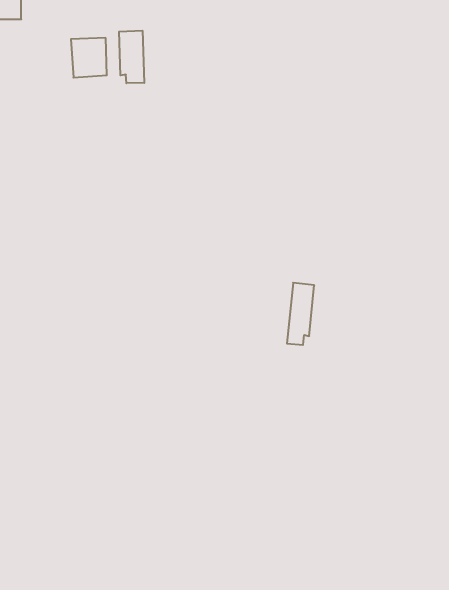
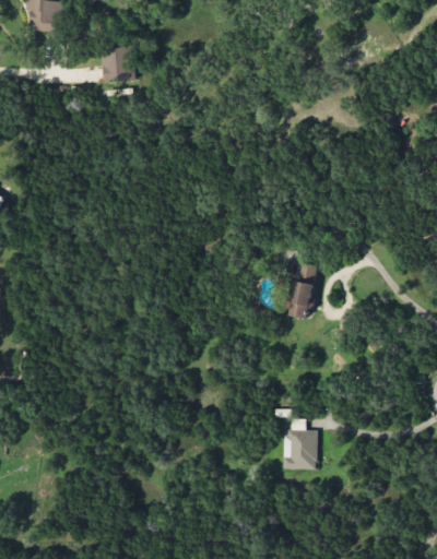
building: [119,31,144,83] -> none
building: none -> [284,419,317,469]

